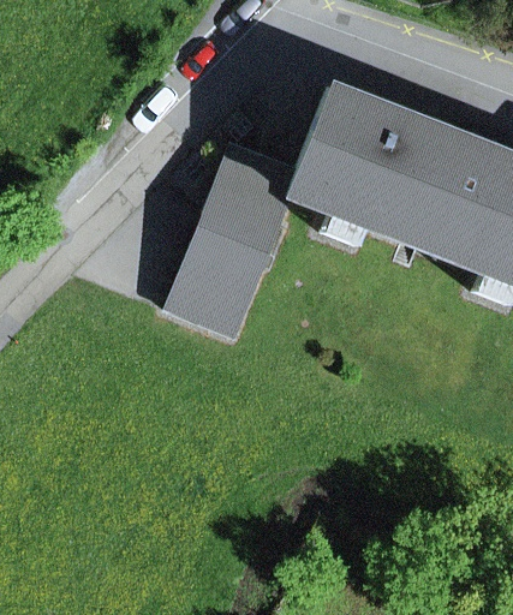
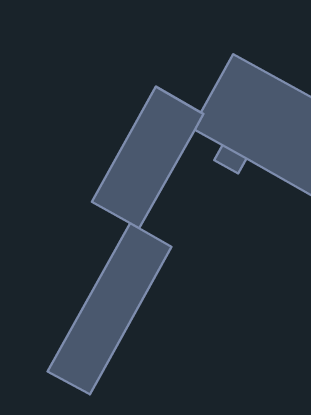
building: none -> [47,223,172,394]

